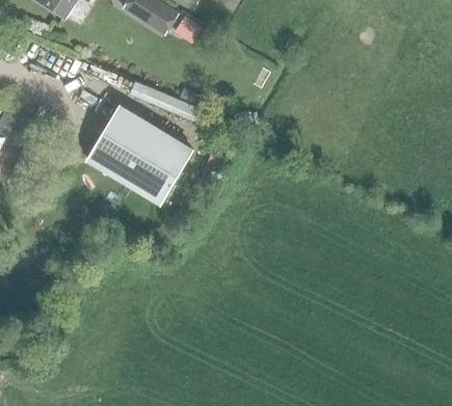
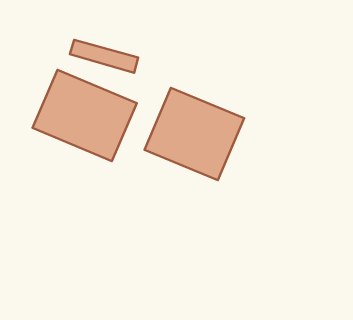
building: none -> [145,88,244,180]

